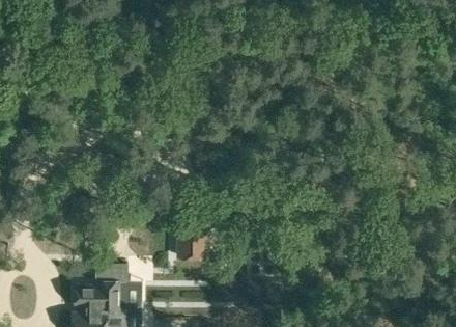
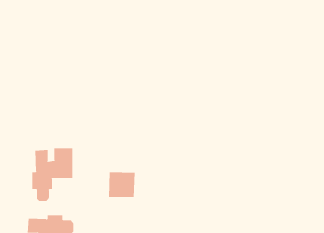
building: none -> [32,147,73,202]

